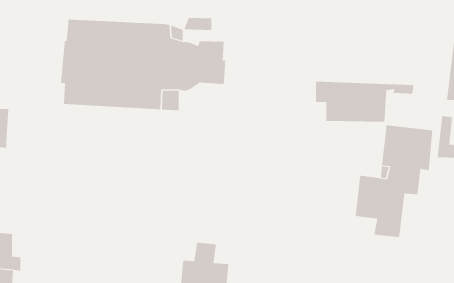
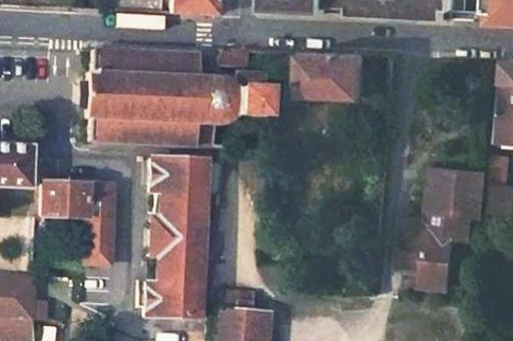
building: [315,81,414,122] -> [293,53,399,97]
building: none -> [146,161,209,321]
building: none -> [36,185,114,267]

